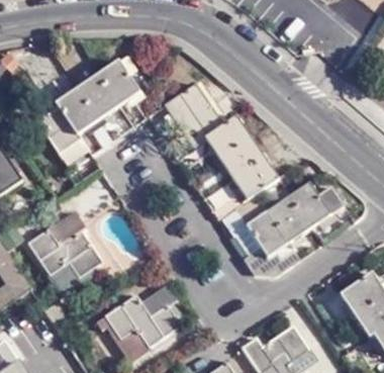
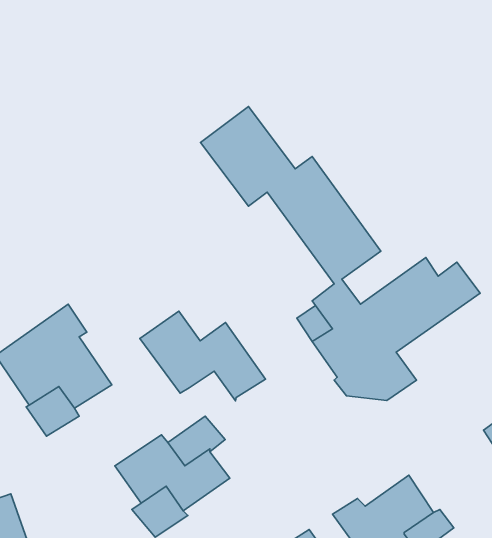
building: [35,59,137,157] -> none
building: none -> [140,311,265,401]

